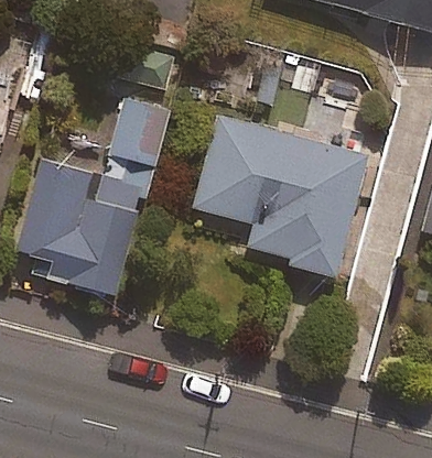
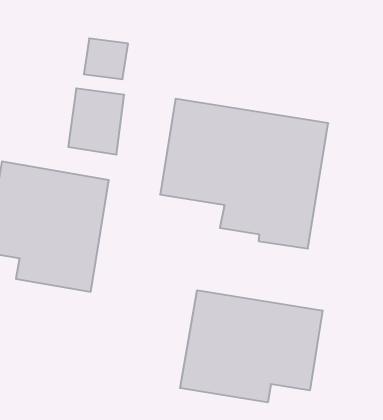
building: none -> [180,290,323,402]

